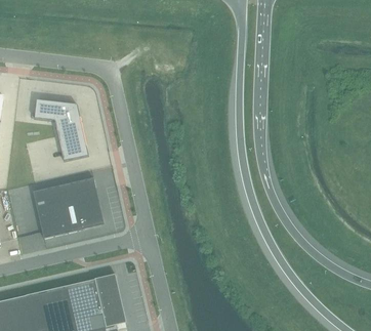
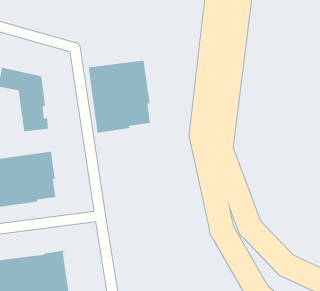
building: none -> [88,60,150,134]

